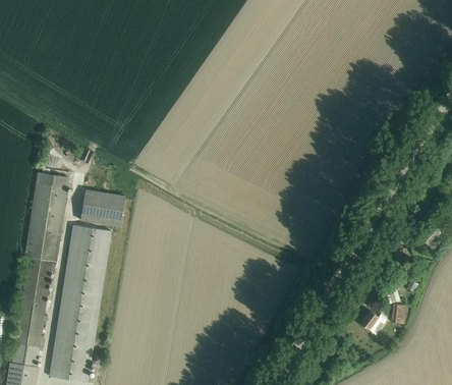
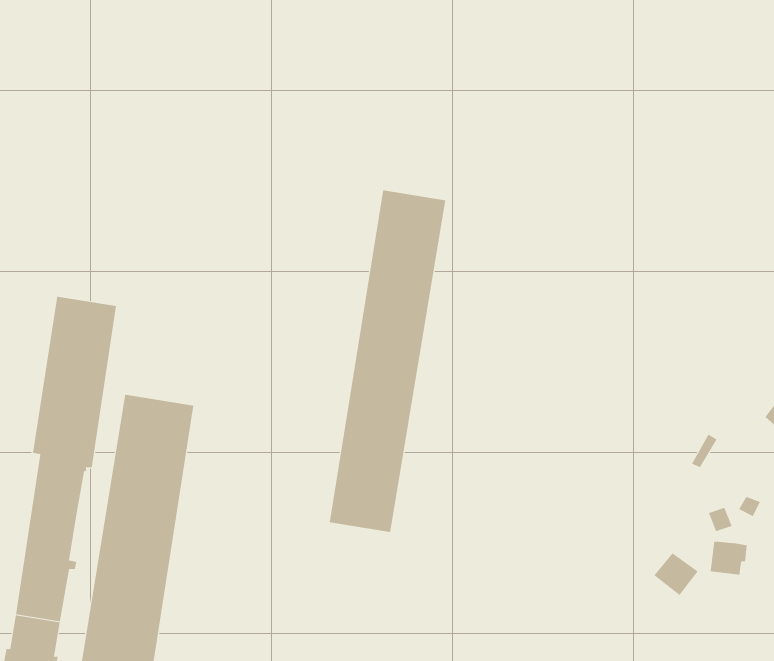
building: none -> [329,189,446,533]
building: [80,188,125,226] -> none

